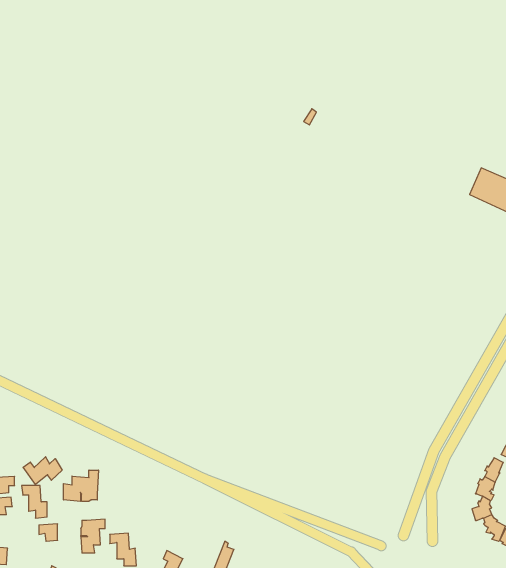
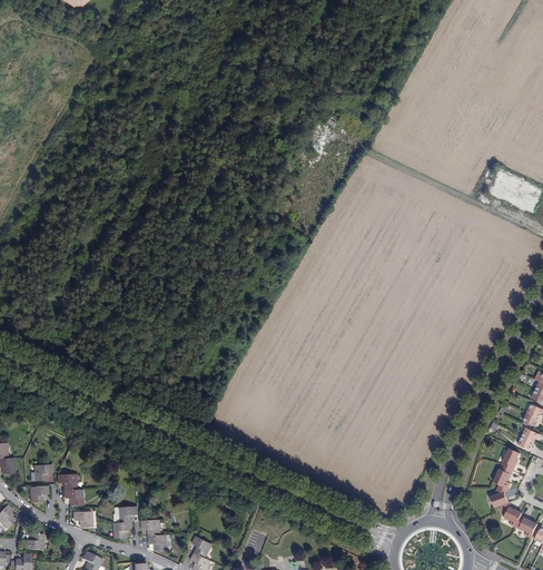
building: [23,457,62,485] -> none
building: [64,470,98,501] -> none

